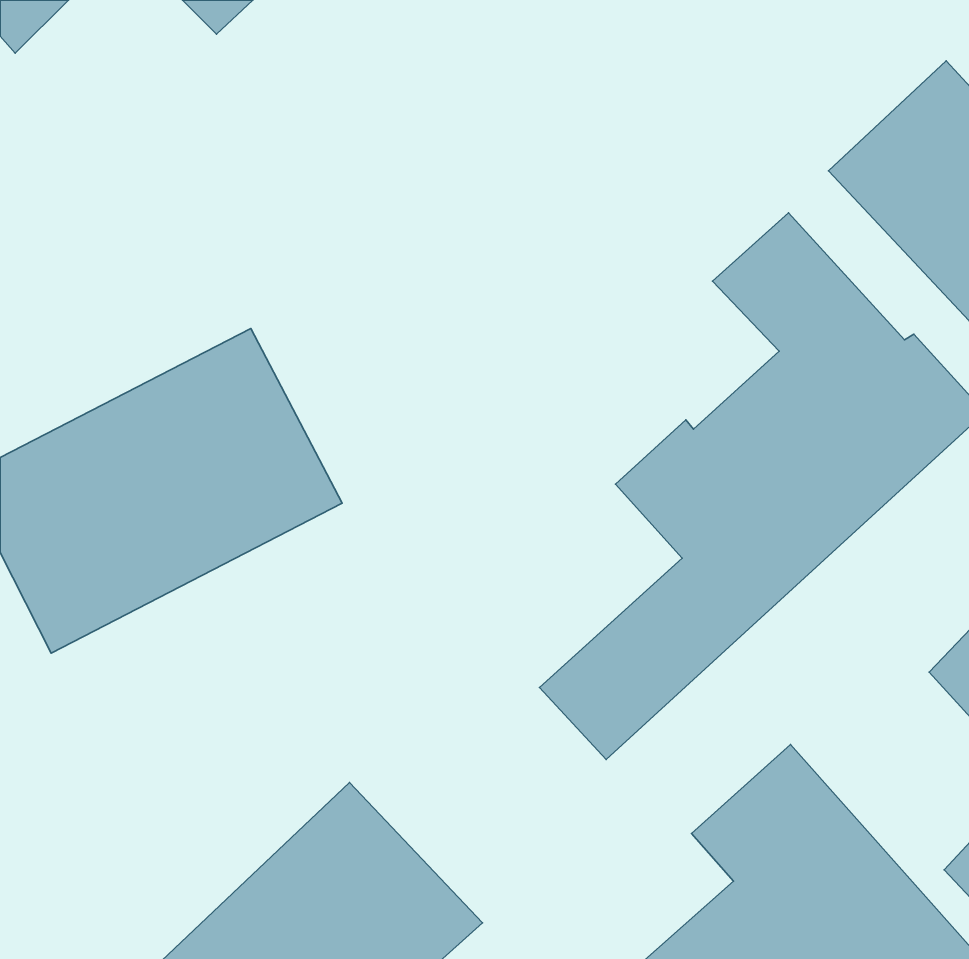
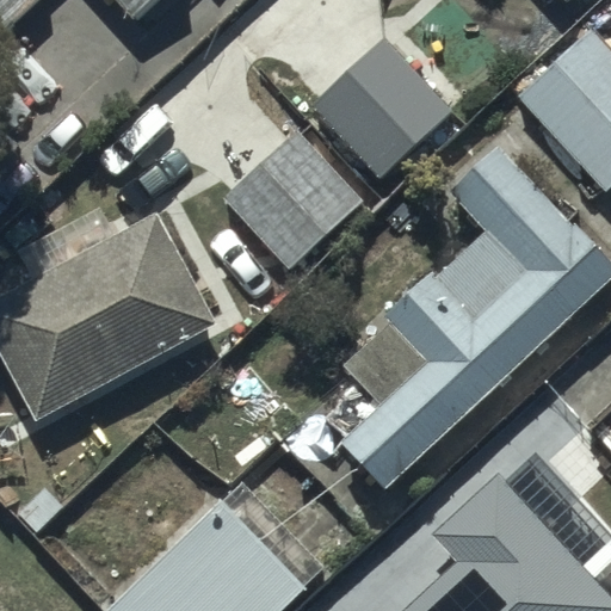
building: none -> [313,41,451,180]
building: none -> [224,132,364,273]

